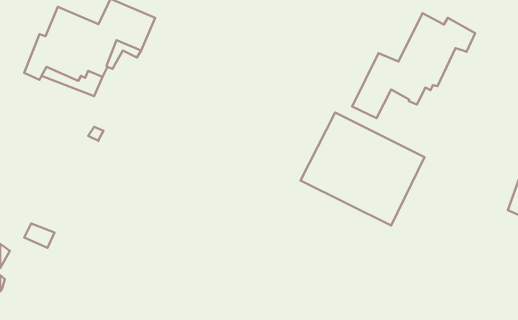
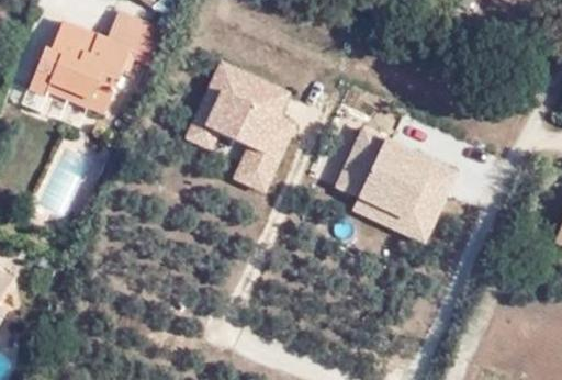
building: [352,13,475,118] -> none
building: none -> [179,59,295,198]

